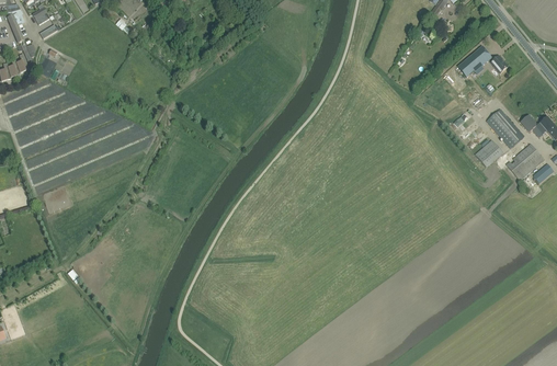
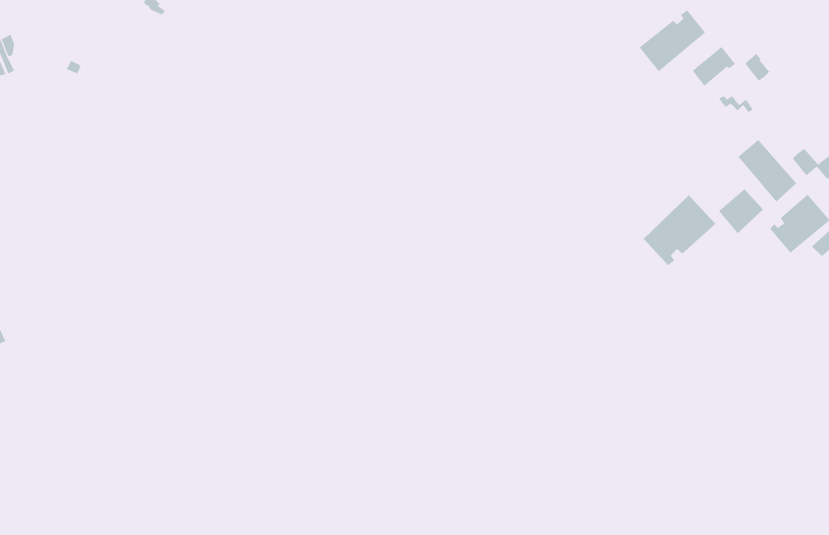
building: none -> [639,10,706,72]
building: none -> [643,194,716,266]

